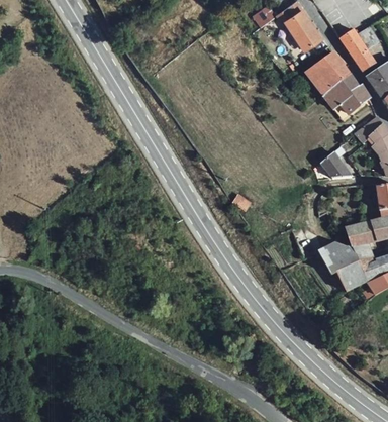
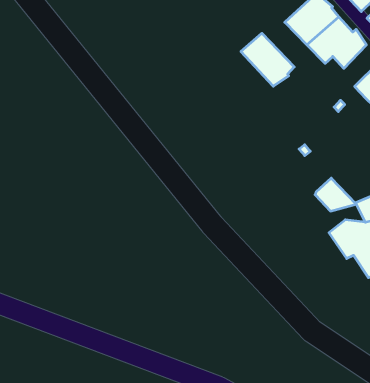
building: none -> [241,33,294,86]
building: [318,150,352,178] -> [315,178,356,211]

